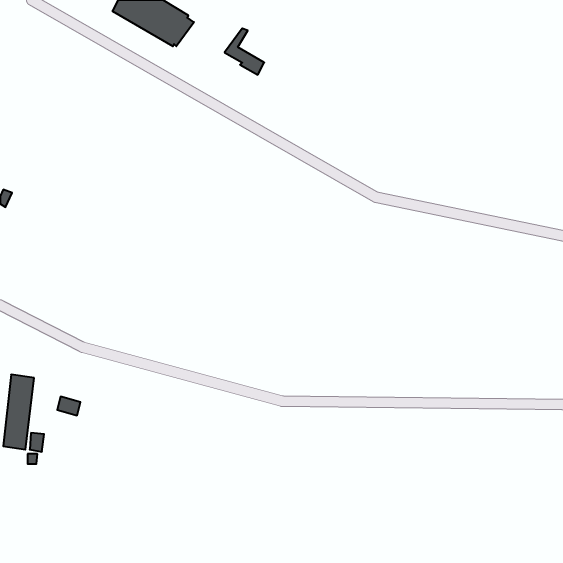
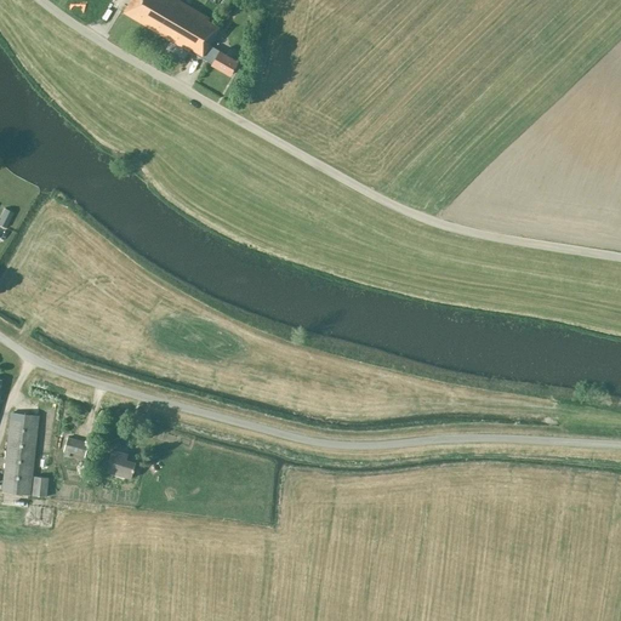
building: [225,28,264,75] -> [194,24,238,75]
building: none -> [106,450,135,479]

